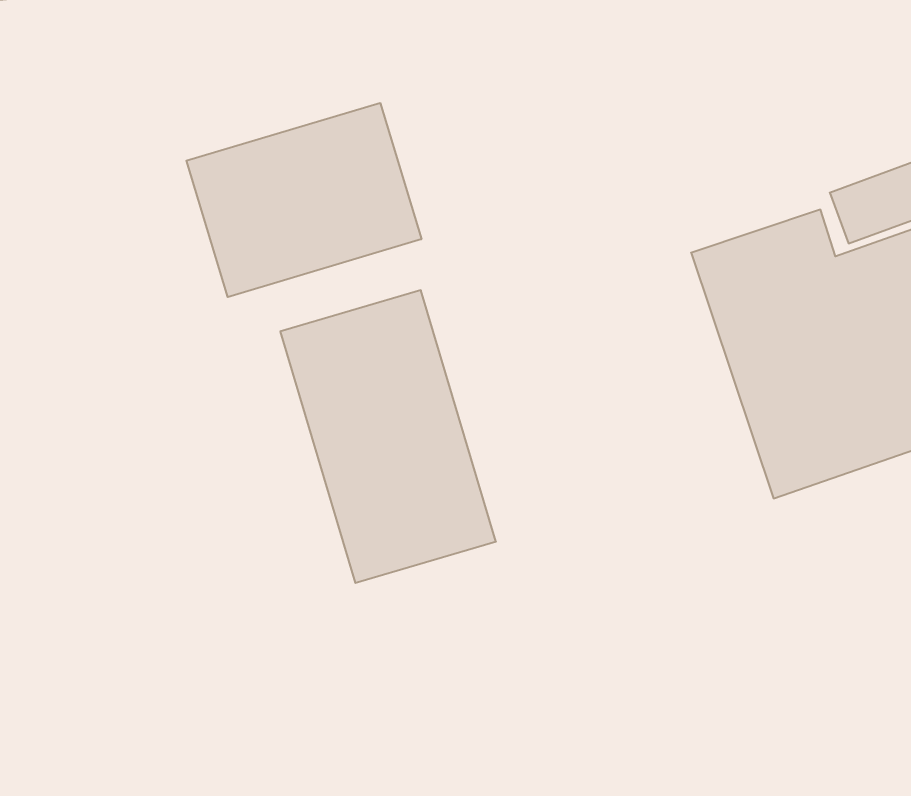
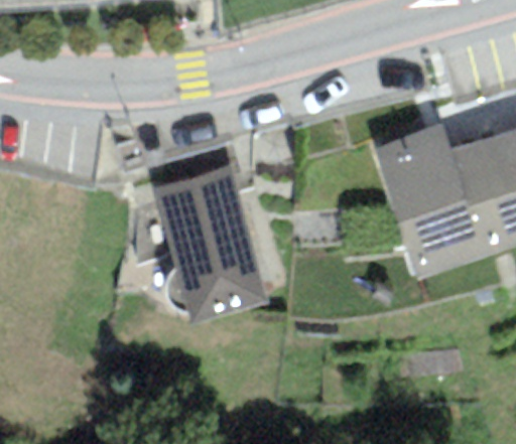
building: [186,103,421,297] -> none

